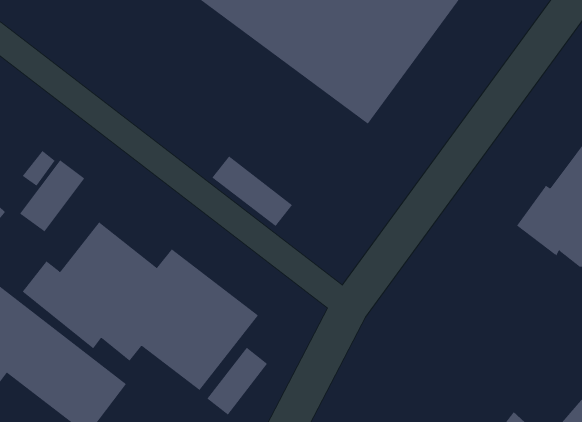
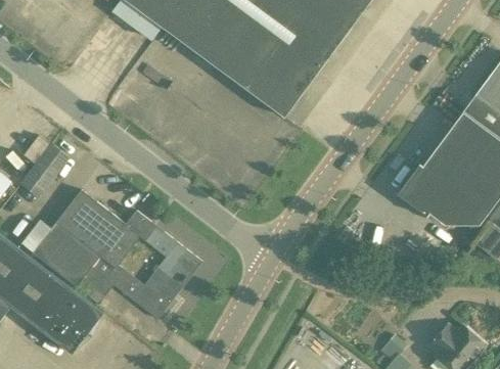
building: [212,156,293,227] -> none
building: [207,347,268,416] -> none

